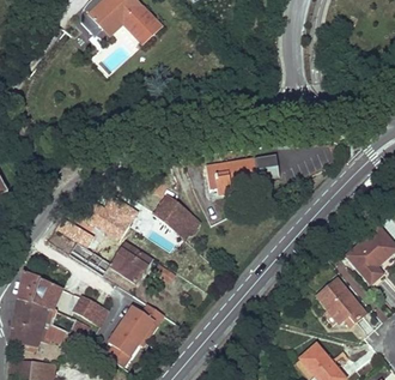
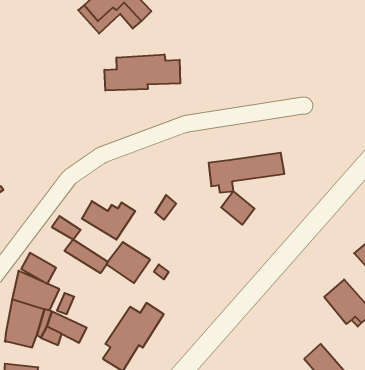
building: none -> [104,54,180,91]
building: [164,205,196,237] -> [221,191,255,225]
building: [74,294,108,324] -> [21,253,56,284]

